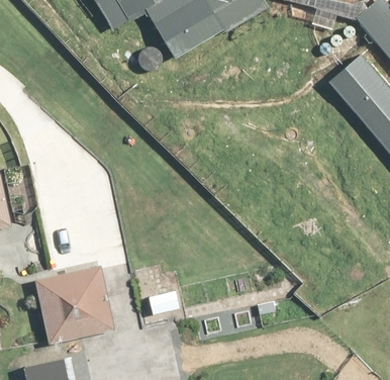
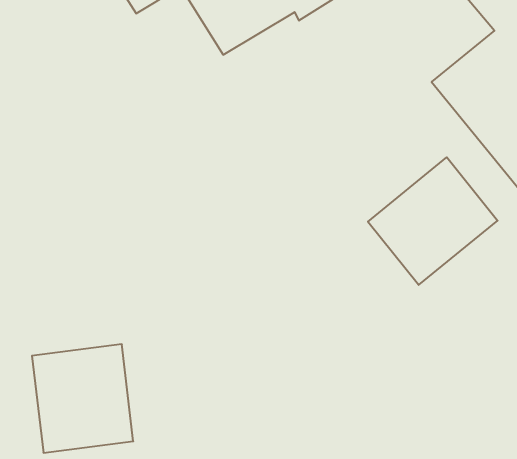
building: none -> [368,157,498,285]

